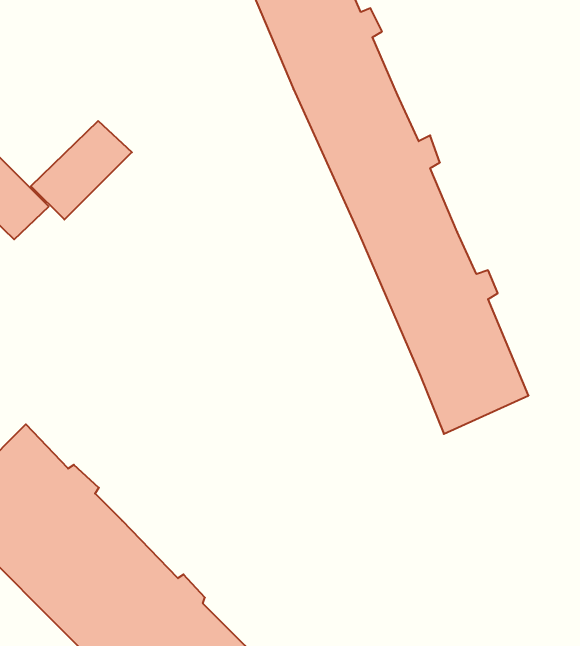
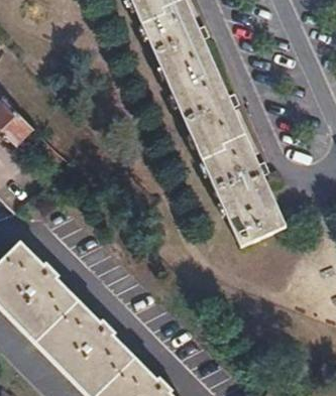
building: [31,121,132,220] -> none

